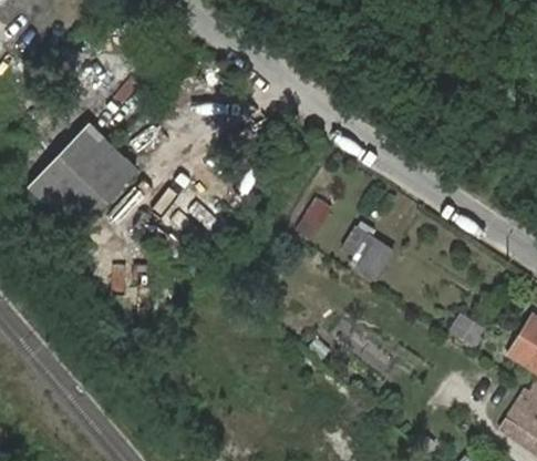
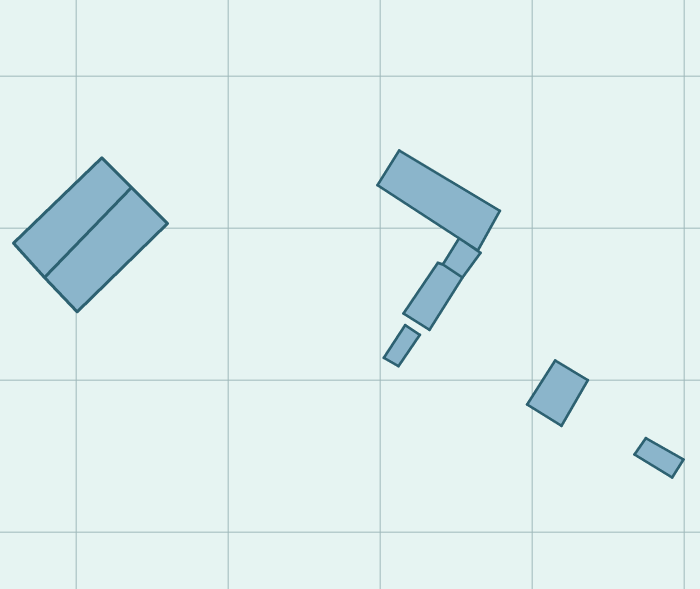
building: none -> [378,151,500,250]
building: [352,237,393,281] -> [527,360,588,426]

